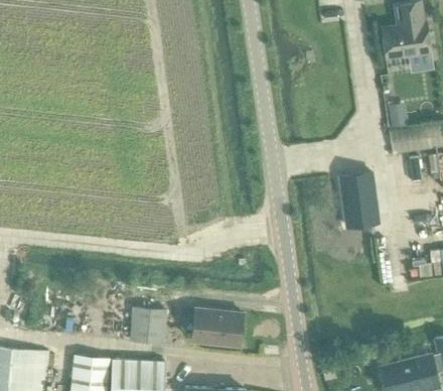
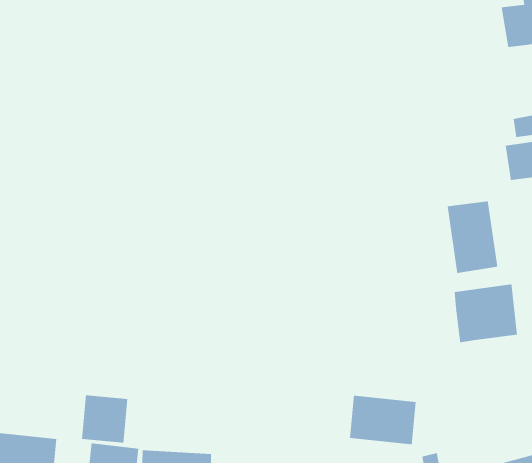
building: none -> [454,283,518,343]
building: [131,308,166,345] -> [81,395,128,443]
building: [192,309,243,347] -> [349,395,416,445]

